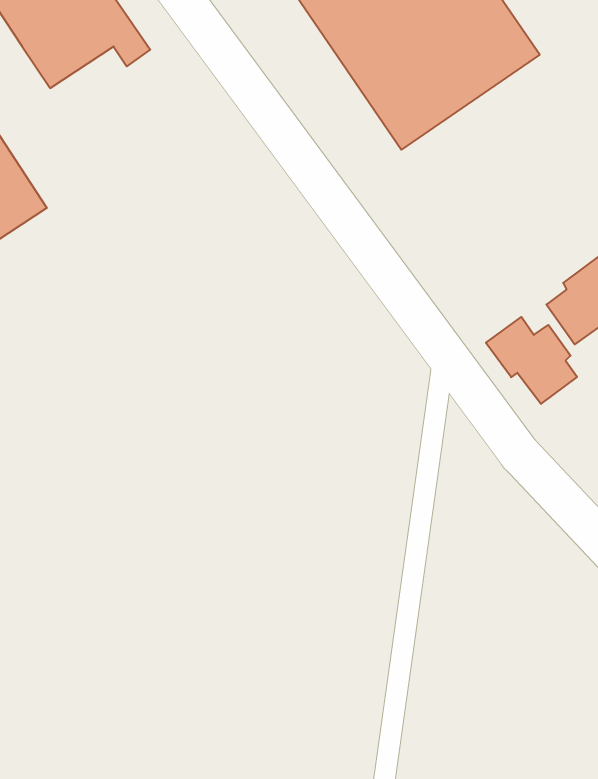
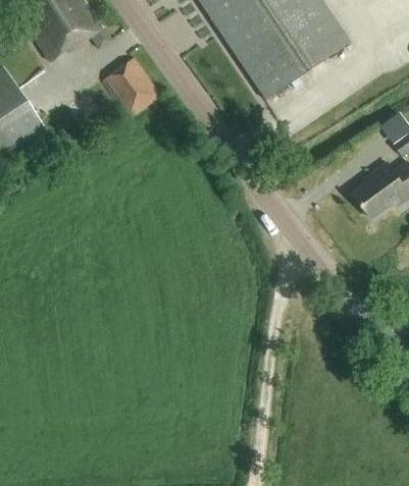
building: none -> [100,55,159,117]
building: [486,317,577,404] -> none

